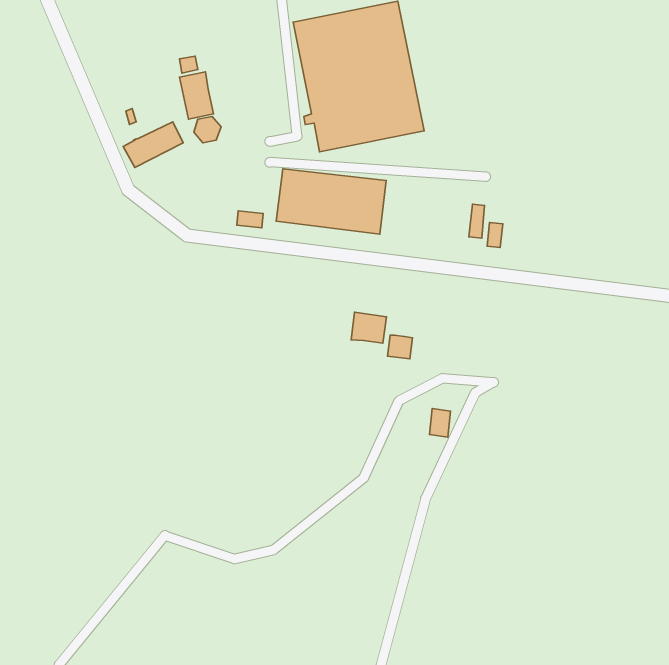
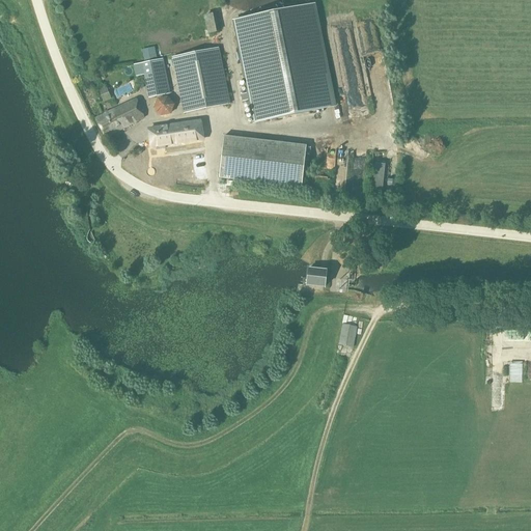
building: none -> [172,45,230,110]
building: none -> [148,117,202,143]
building: [351,312,386,343] -> none

